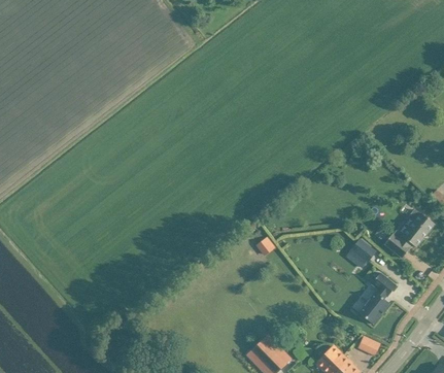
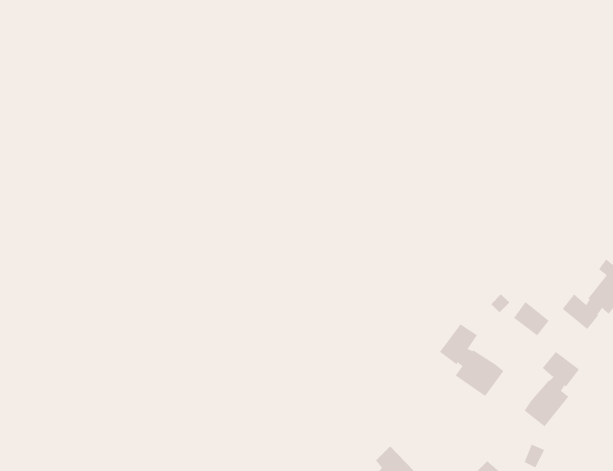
building: none -> [439,323,504,397]

